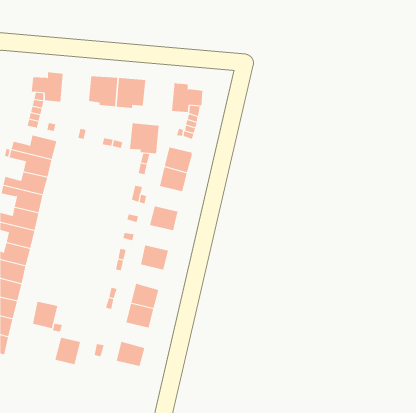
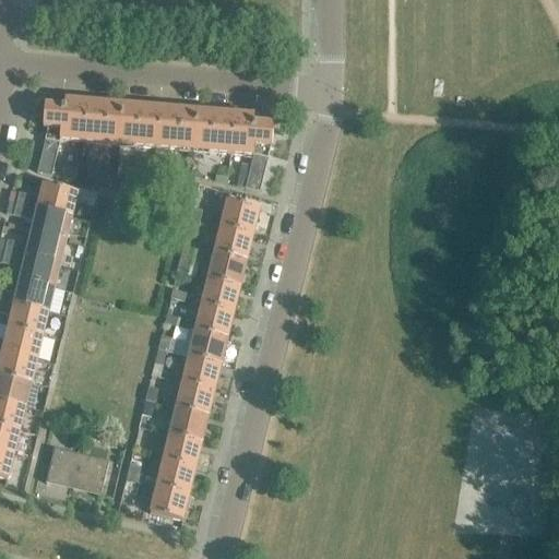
building: none -> [82,98,121,139]
building: [129,123,159,154] -> [192,107,233,148]
building: none -> [206,249,245,283]
building: none -> [193,301,233,335]
building: none -> [181,354,219,388]
building: [32,301,58,329] -> [46,444,81,481]
building: none -> [162,431,200,465]
building: none -> [141,480,188,516]

